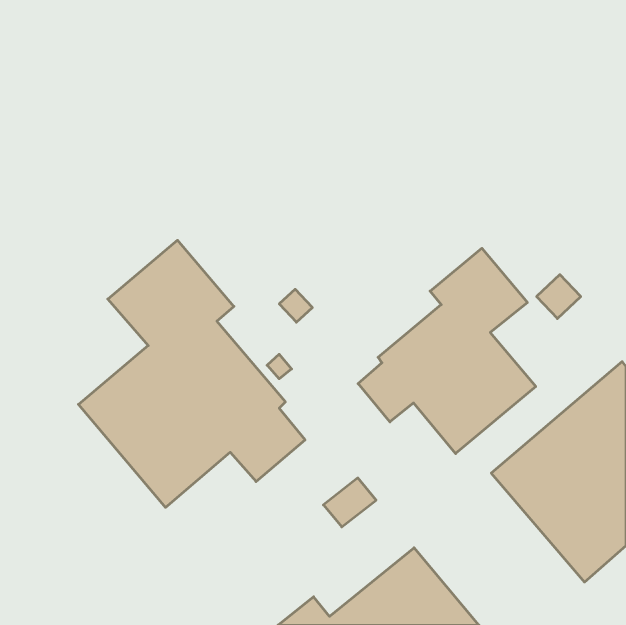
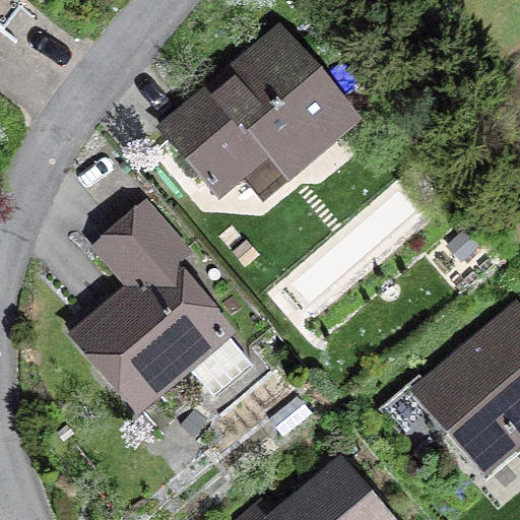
building: none -> [154,19,369,205]
building: [358,248,536,454] -> none

